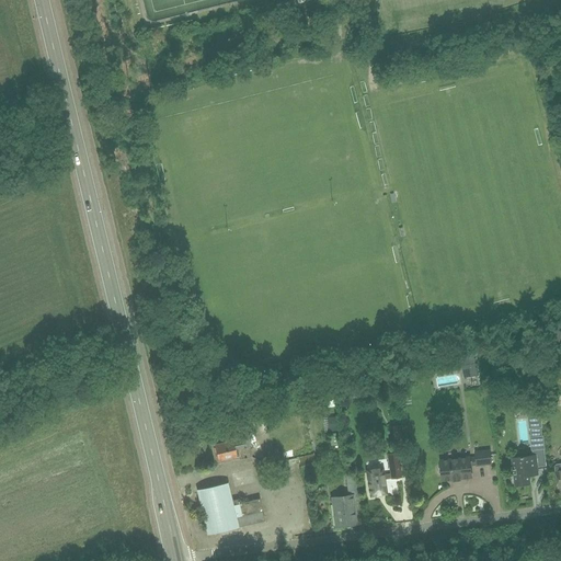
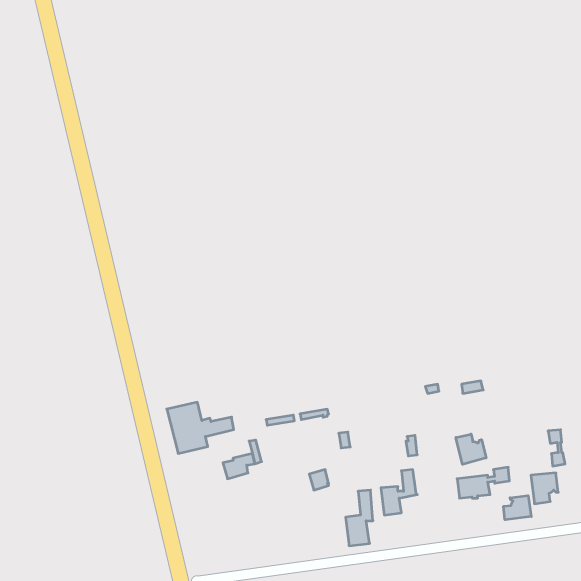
building: none -> [456,434,486,464]
building: none -> [504,496,531,520]
building: [197,484,262,534] -> [167,402,234,453]

